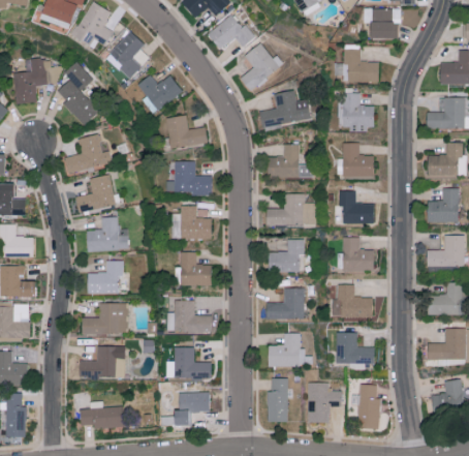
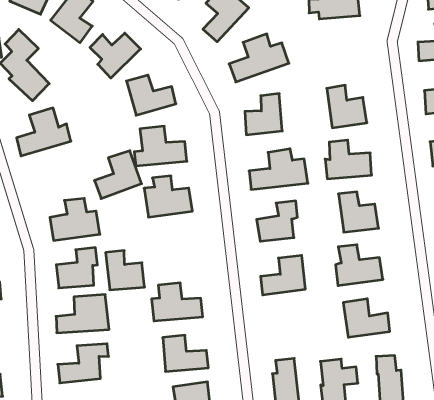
building: [340,93,375,130] -> none
building: [74,175,116,214] -> [94,151,142,199]
building: [180,252,211,286] -> [106,251,145,290]
building: [268,333,313,367] -> none

